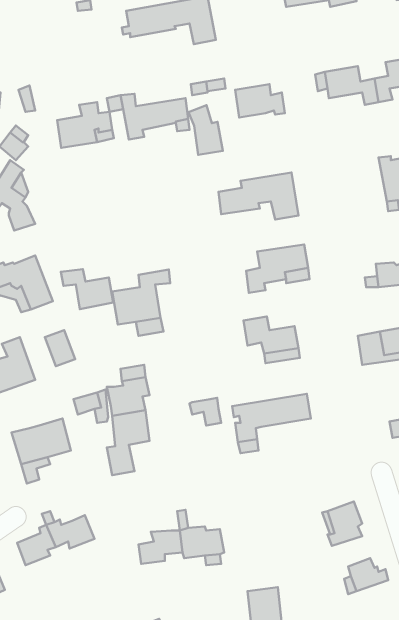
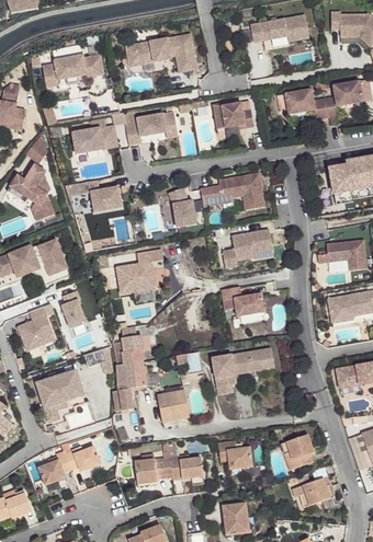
building: none -> [43,54,104,87]
building: [188,105,223,155] -> [168,187,195,227]
building: [61,269,113,309] -> [78,180,120,211]
building: none -> [157,385,193,423]
building: none -> [218,439,252,468]

